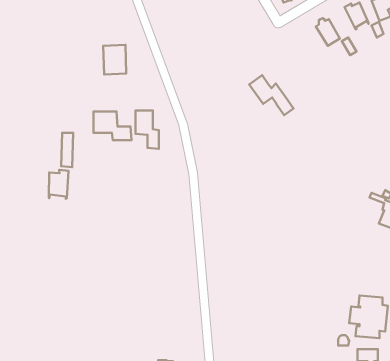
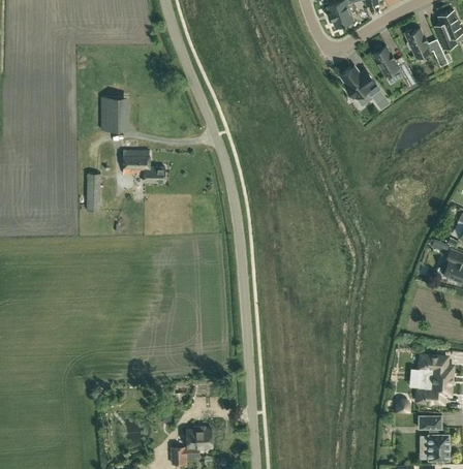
building: [103,45,126,74] -> [102,93,128,126]
building: [249,75,294,115] -> [340,66,390,111]
building: [136,111,159,149] -> none
building: [49,170,69,199] -> none

